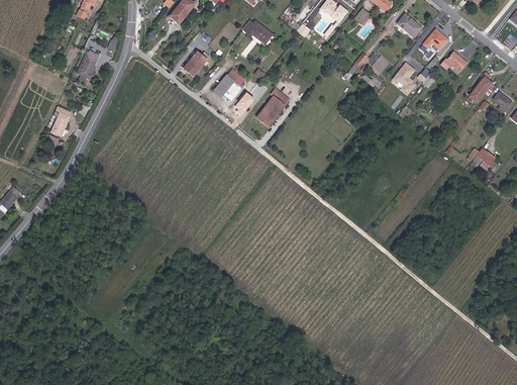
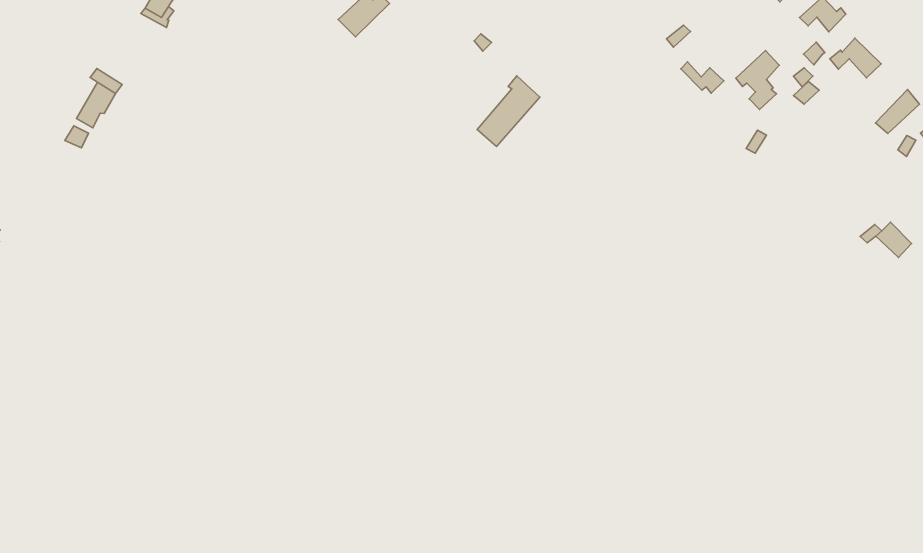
building: [216,70,247,100] -> none

